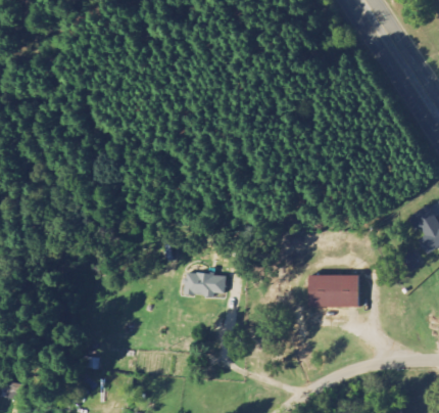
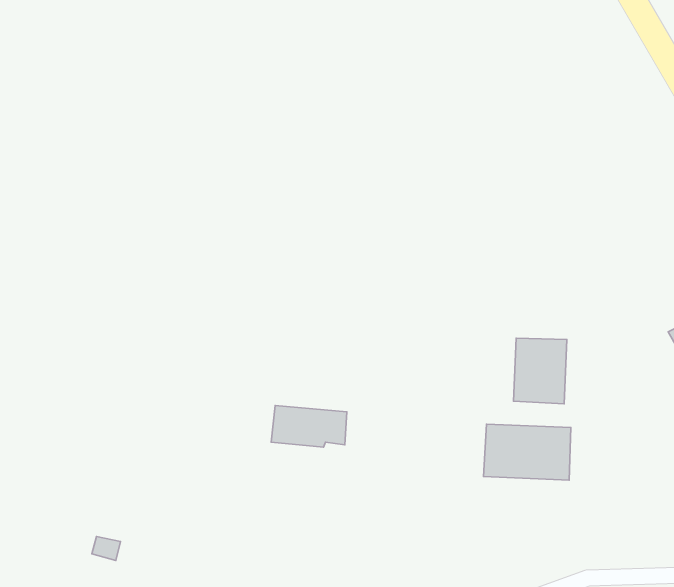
building: none -> [513,338,567,404]

